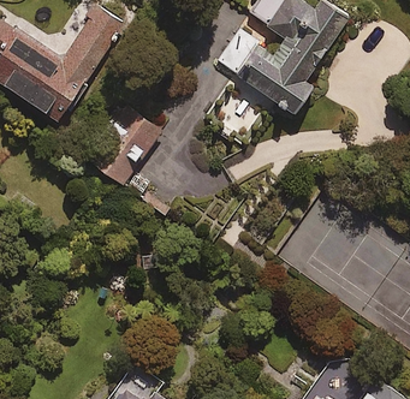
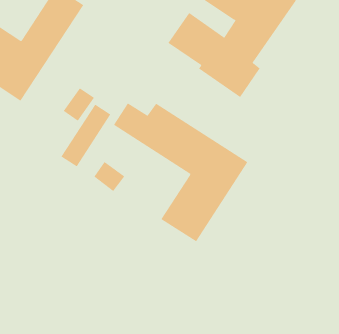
building: none -> [113,103,248,242]

